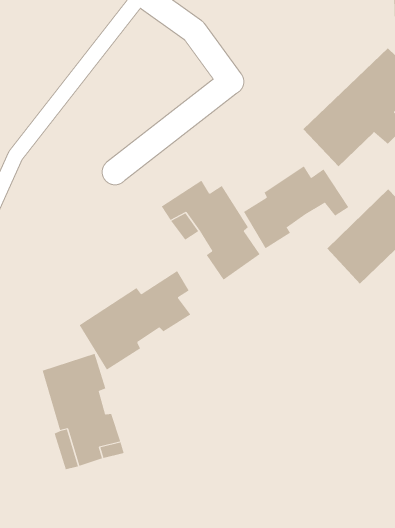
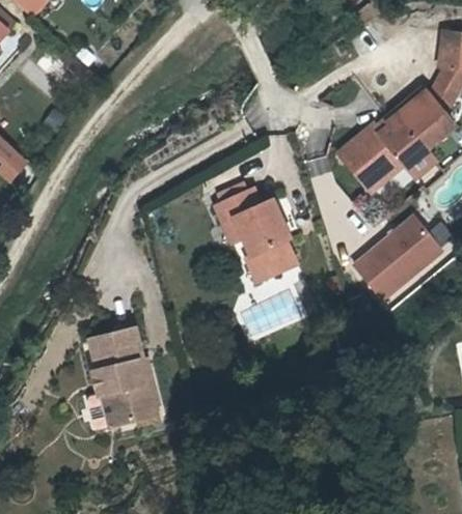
building: [243,165,349,249] -> none
building: [79,270,191,370] -> none

